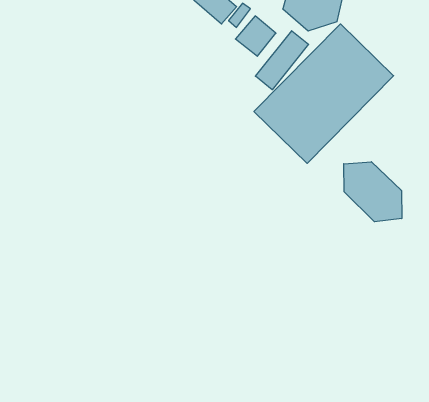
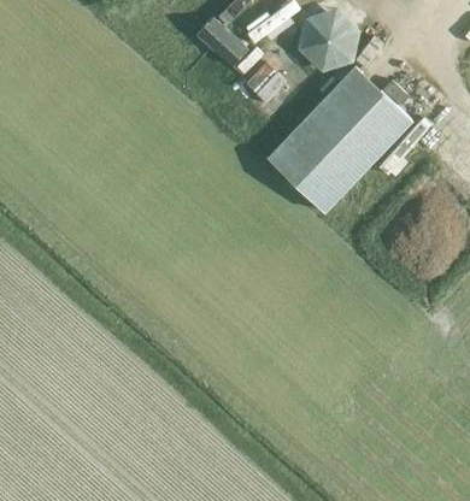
building: [255,31,309,90] -> none
building: [344,162,402,222] -> none

